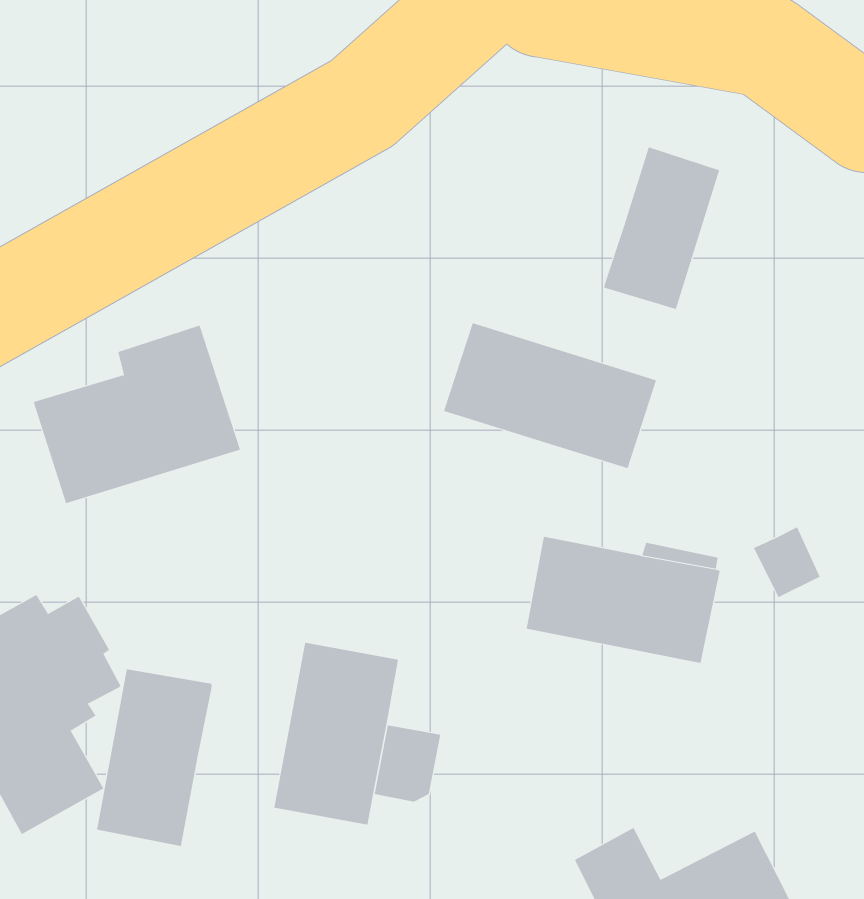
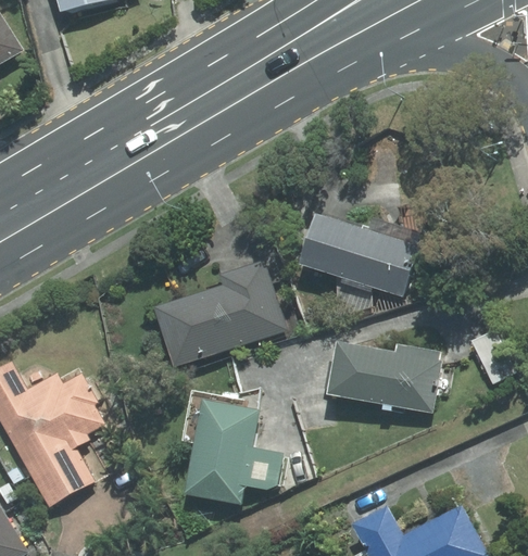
building: [604,147,720,310] -> none
building: [33,325,241,504] -> [160,263,277,364]
building: [96,668,212,847] -> none

